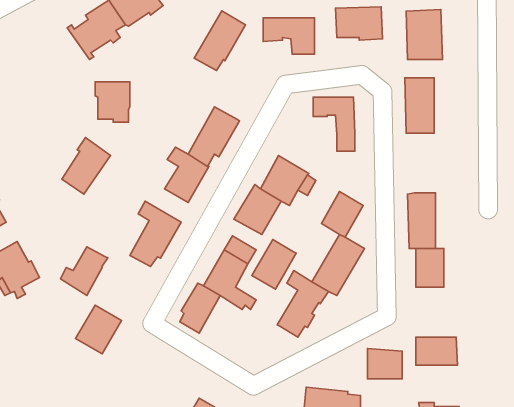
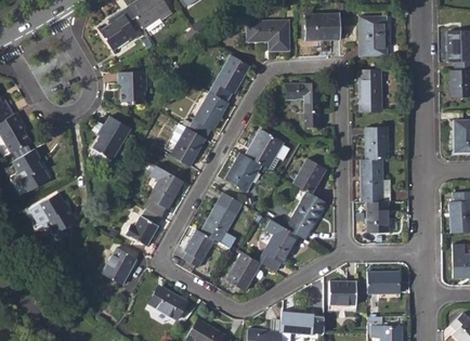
building: [194,11,246,71] -> [210,54,250,101]
building: none -> [366,127,388,158]
building: [252,239,296,289] -> [226,251,261,290]
building: [61,247,108,295] -> [126,208,162,246]
building: none -> [148,286,187,318]

